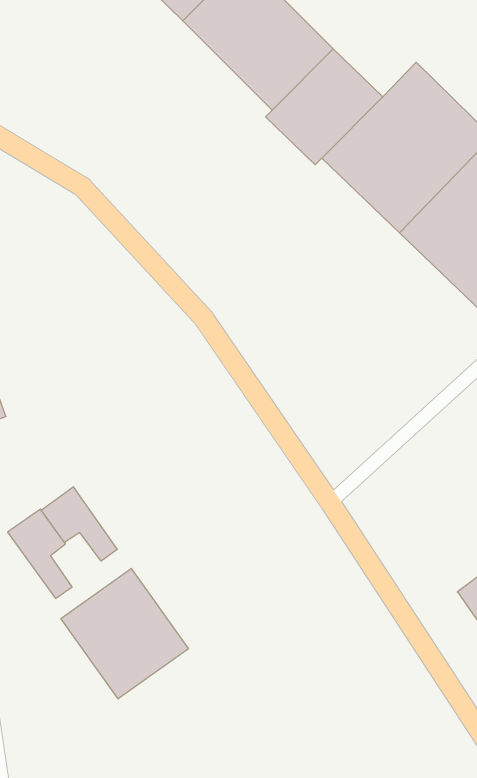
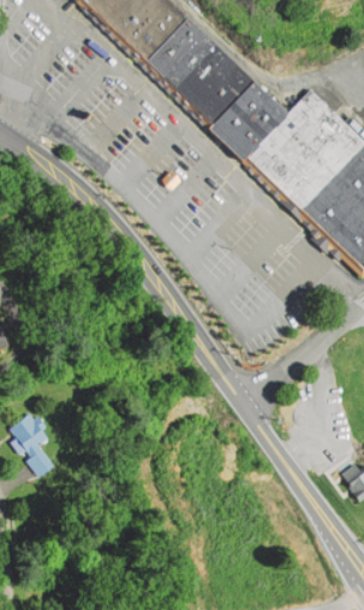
building: [41,487,117,561] -> none
building: [61,568,188,699] -> none

